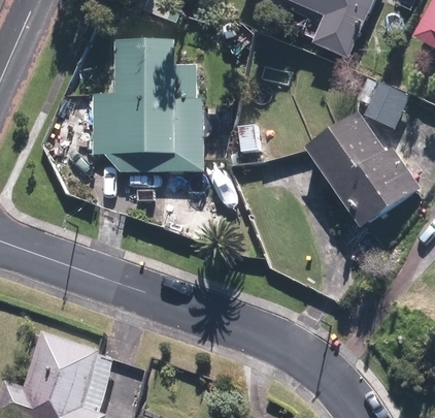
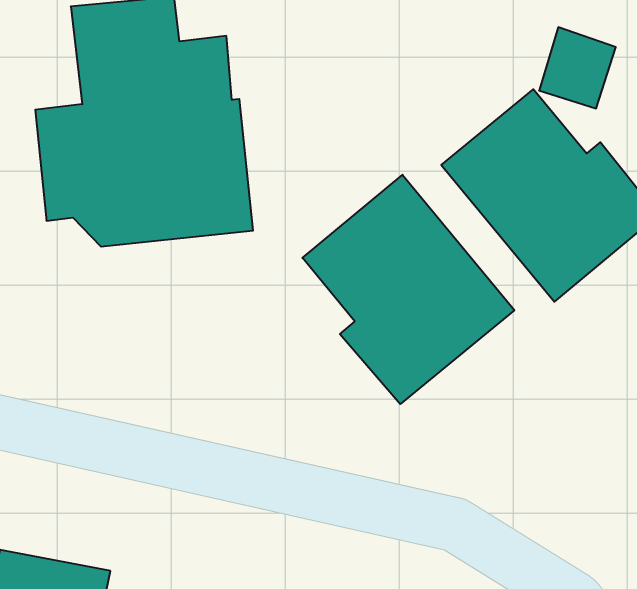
building: none -> [302,175,514,404]

